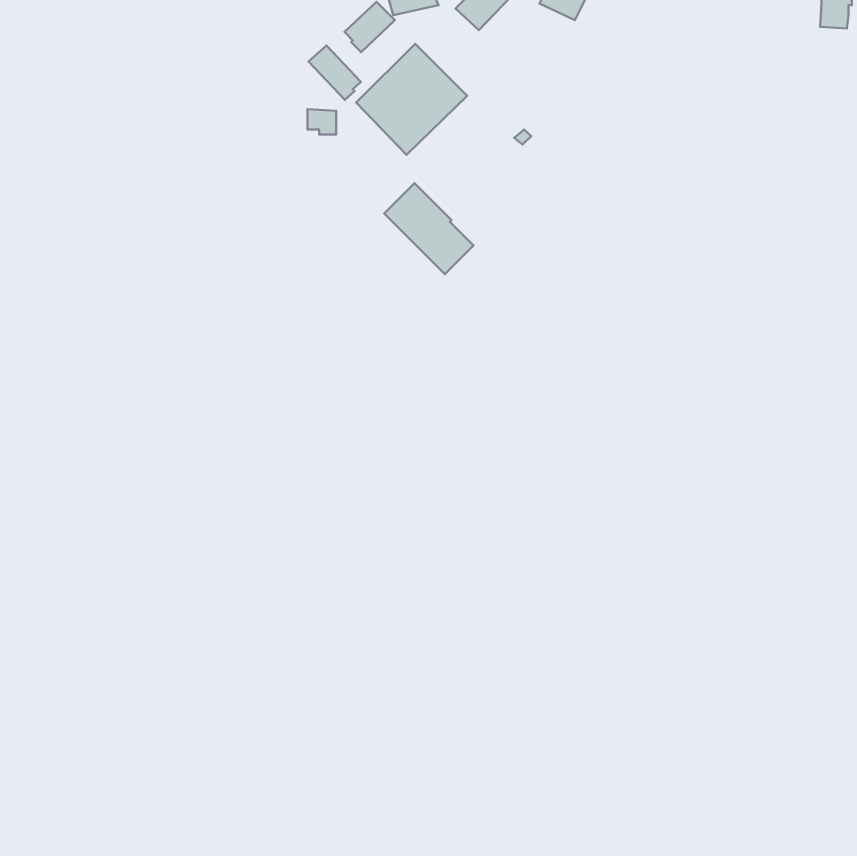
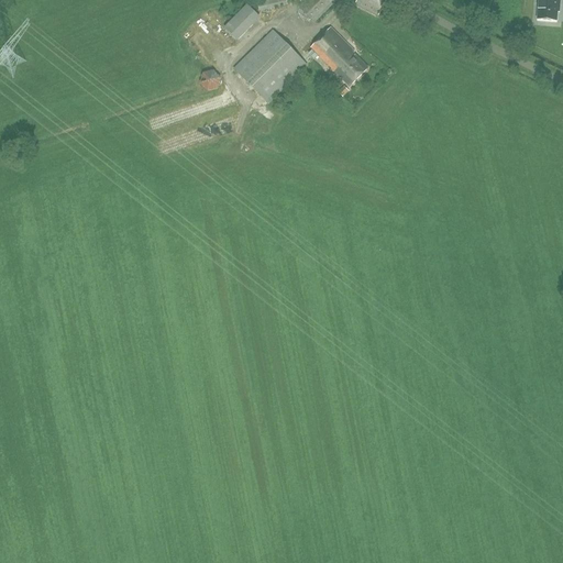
building: [308,45,361,100] -> none
building: [384,183,473,274] -> [309,25,367,85]

